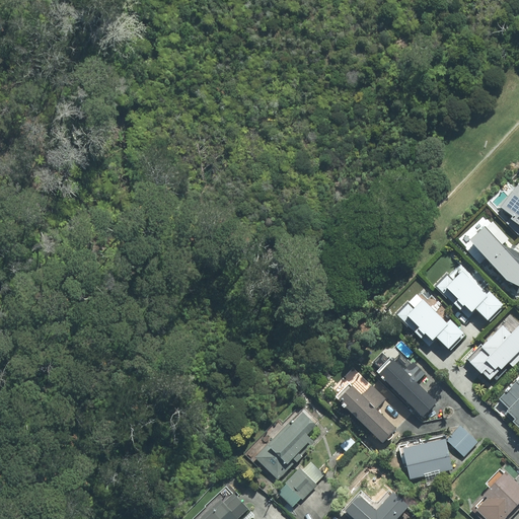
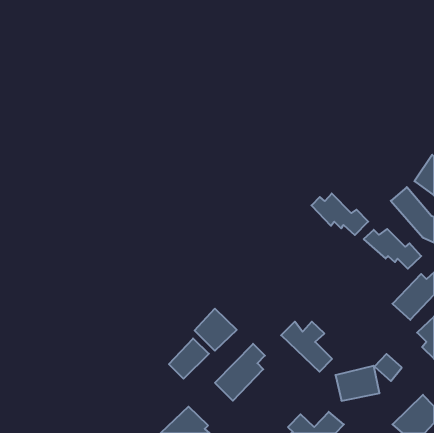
building: [397,299,465,349] -> [311,193,368,235]
building: [376,356,438,417] -> none
building: none -> [195,309,237,351]
building: none -> [169,338,209,379]
building: [285,467,317,499] -> none

